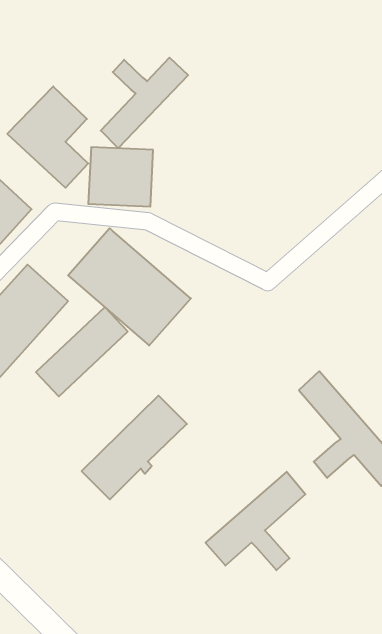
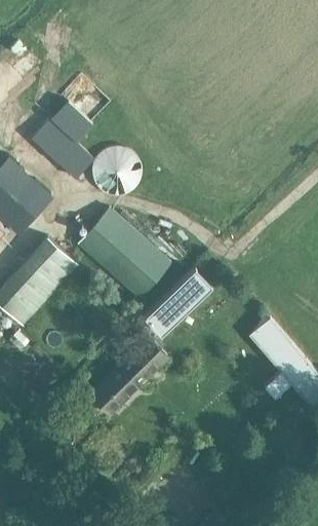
building: [101,58,188,148] -> none
building: [36,307,128,396] -> [143,269,212,337]
building: [206,472,305,570] -> none

